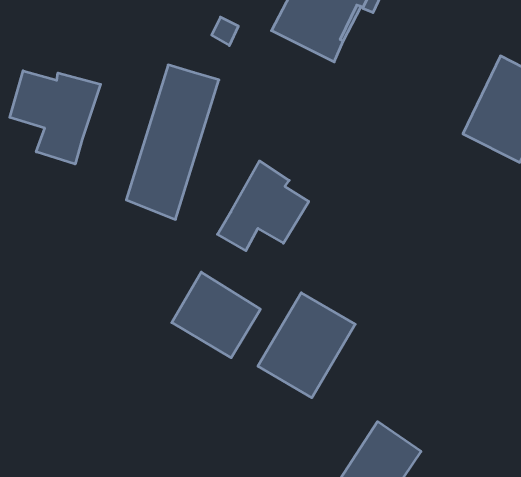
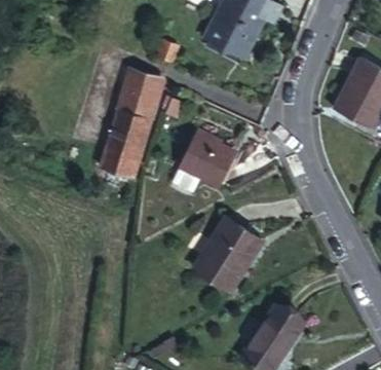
building: [10,71,101,164] -> none
building: [172,272,260,358] -> none

